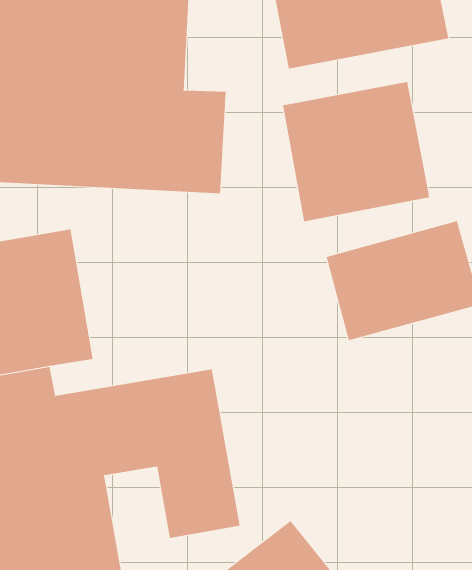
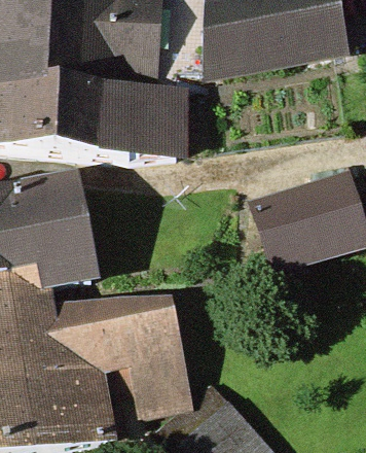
building: [282,81,430,222] -> none

